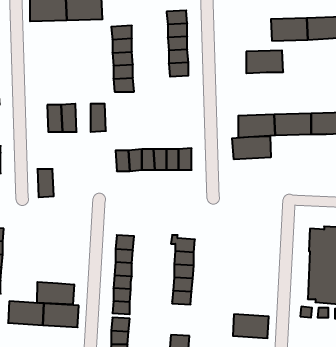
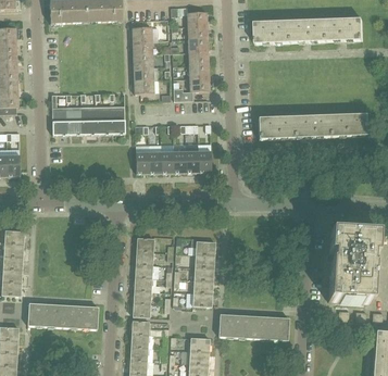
building: [246,50,283,73] -> [255,21,292,43]
building: none -> [174,77,210,100]
building: none -> [96,105,111,134]
building: [232,136,271,159] -> none
building: [37,169,54,197] -> [52,106,68,135]
building: [37,282,74,304] -> none
building: none -> [218,314,254,338]

